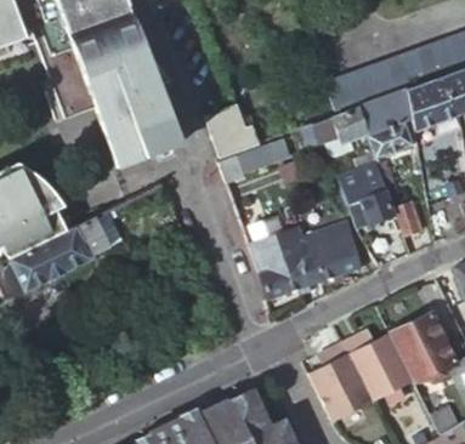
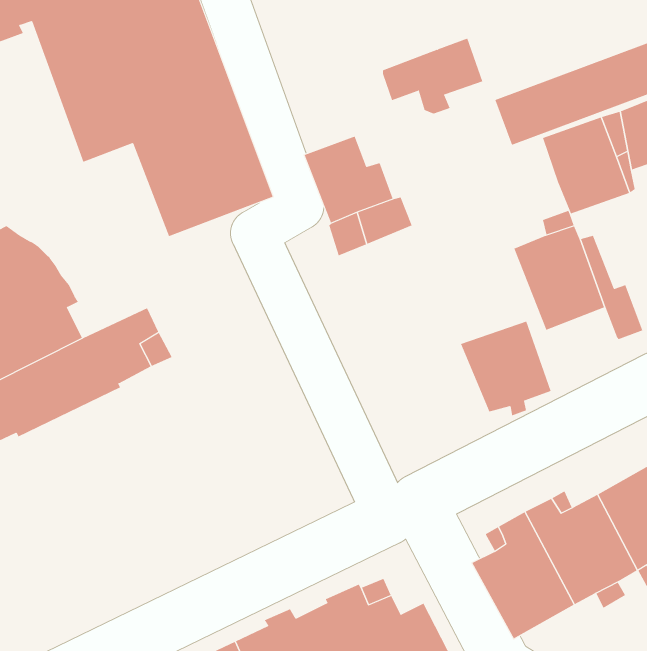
building: [300,107,364,155] -> [382,38,483,114]
building: [240,212,321,301] -> none

